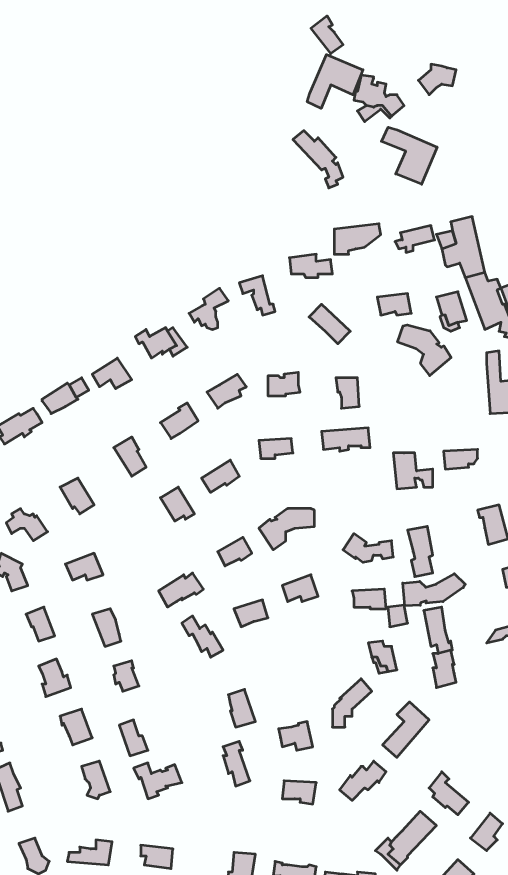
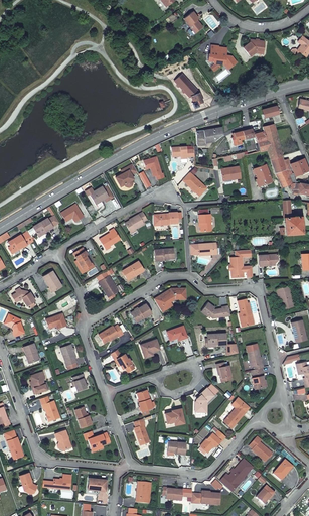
building: [307,55,363,108] -> none
building: [381,127,437,184] -> none
building: [398,325,451,376] -> none
building: [403,574,465,606] -> none

